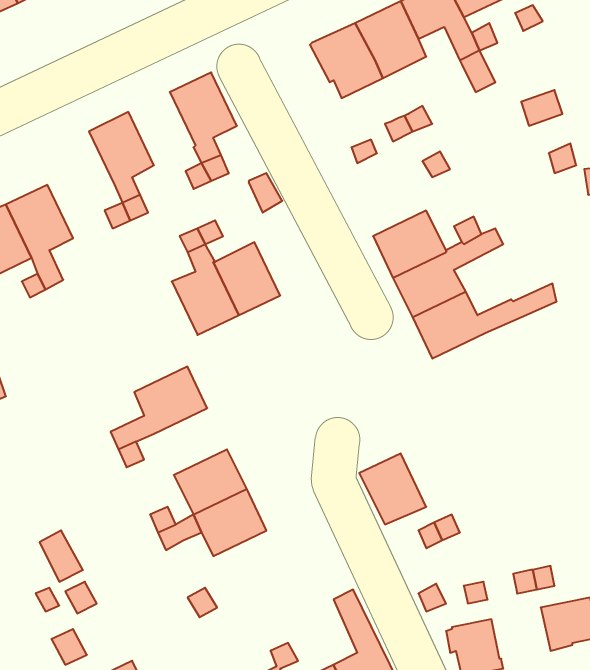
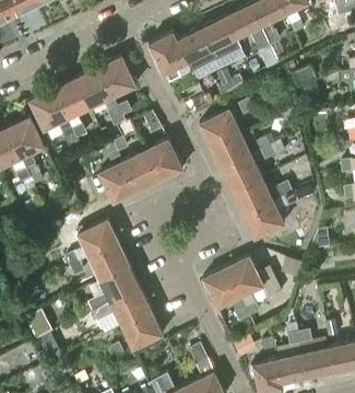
building: none -> [150,33,193,77]
building: none -> [75,68,113,108]
building: none -> [29,90,68,130]
building: none -> [200,111,240,148]
building: none -> [145,140,182,181]
building: none -> [244,193,297,241]
building: none -> [90,243,130,280]
building: none -> [226,257,282,299]
building: none -> [122,311,163,348]
building: none -> [276,354,309,382]

